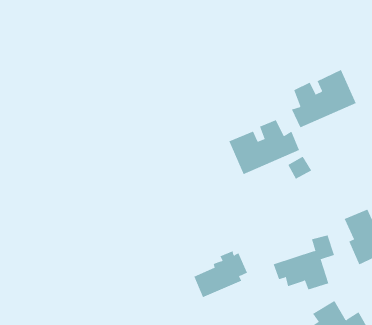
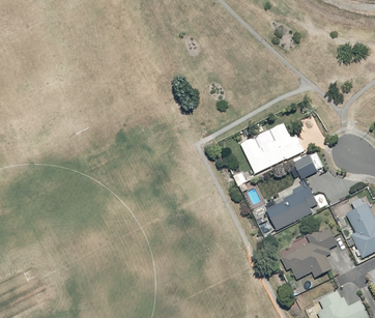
building: [291,69,357,128] -> none
building: [194,250,248,298] -> [267,183,317,227]

